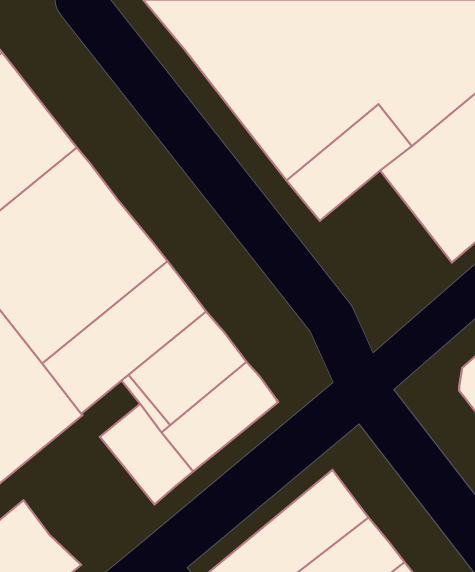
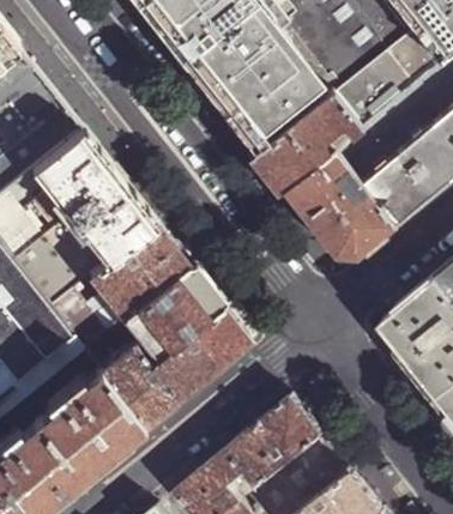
building: none -> [283,150,393,254]
building: none -> [37,371,145,477]

